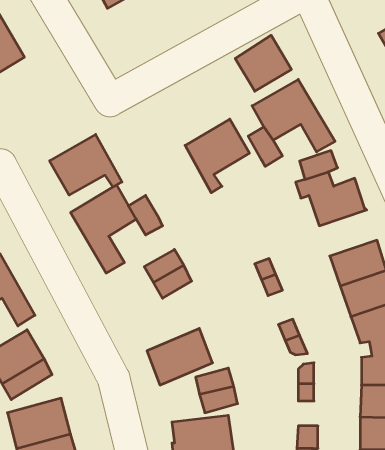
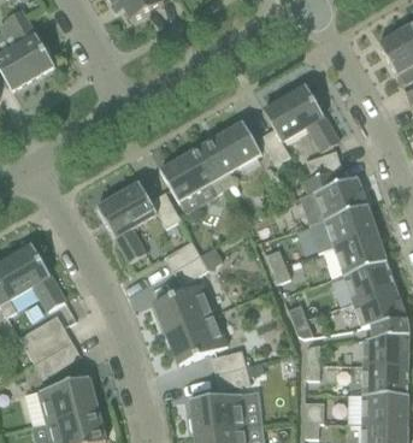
building: [235,35,291,91] -> none
building: [50,134,122,195] -> [159,146,225,201]
building: none -> [307,205,377,253]
building: none -> [153,283,214,333]

